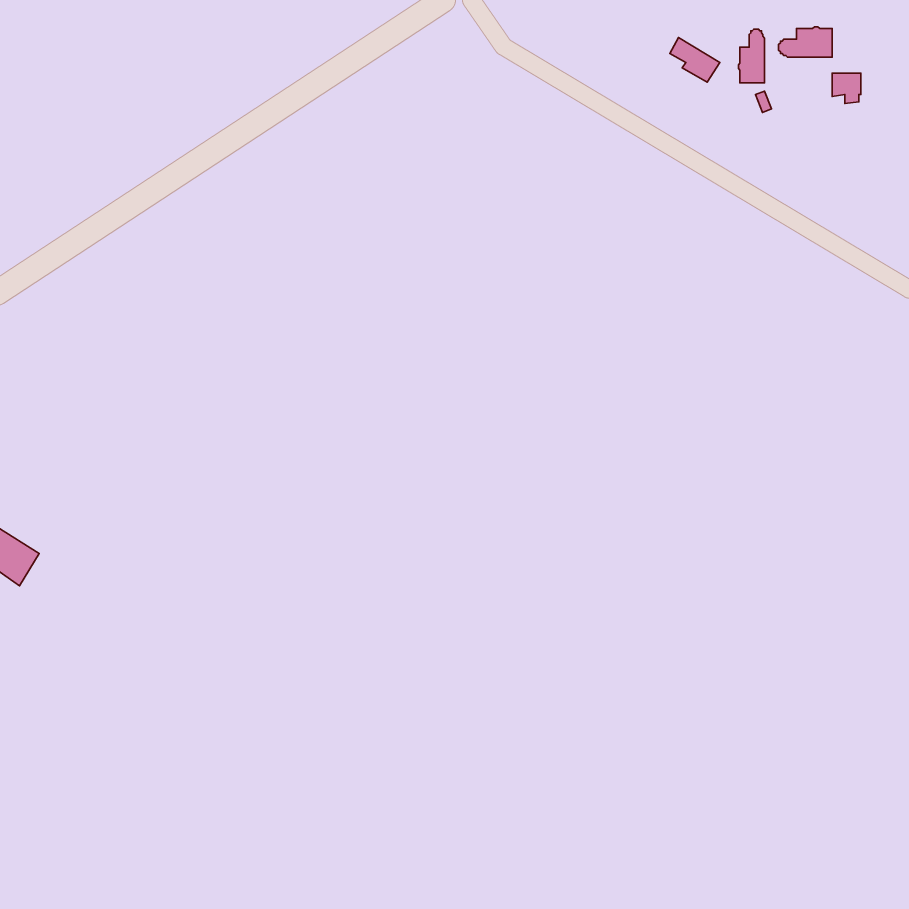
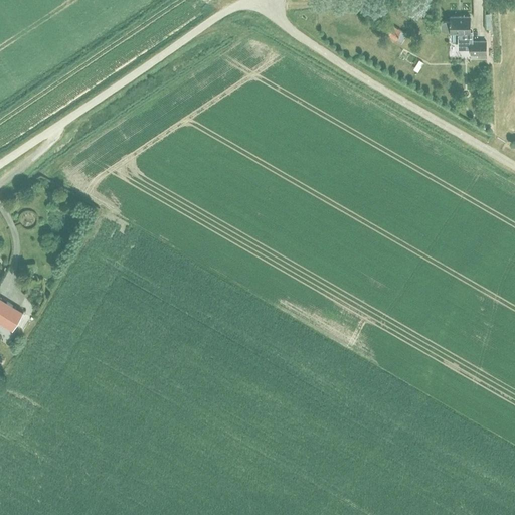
building: [738,29,765,83] -> none

